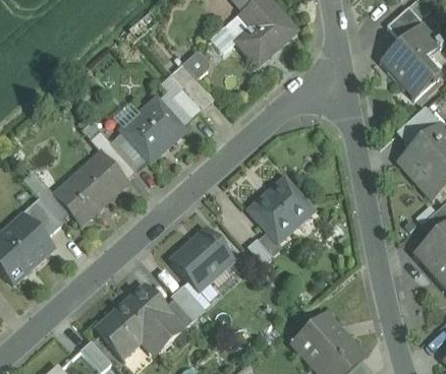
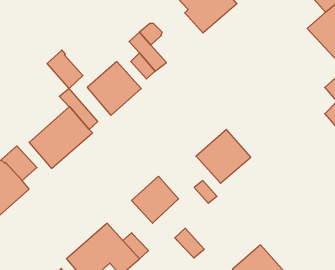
building: none -> [47,50,83,89]
building: [170,285,205,319] -> [175,228,204,258]

